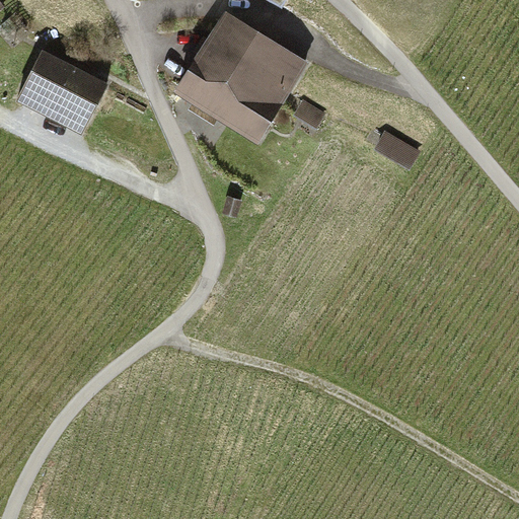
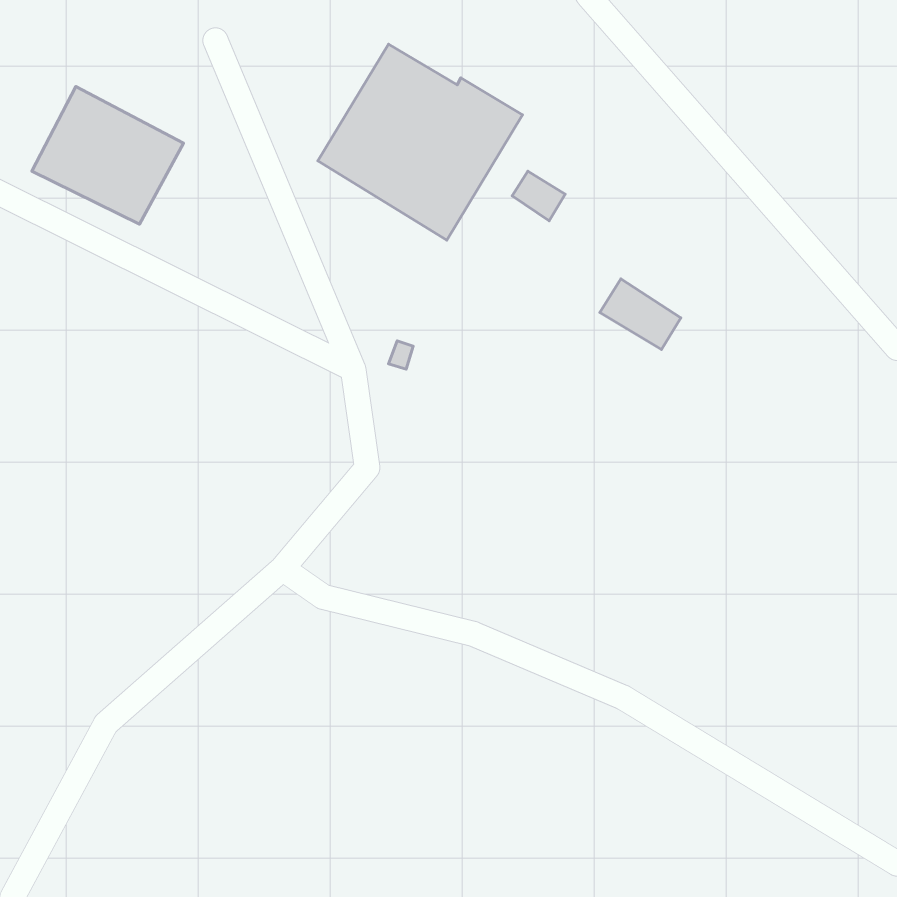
building: [371,127,418,167] -> [600,279,681,350]

